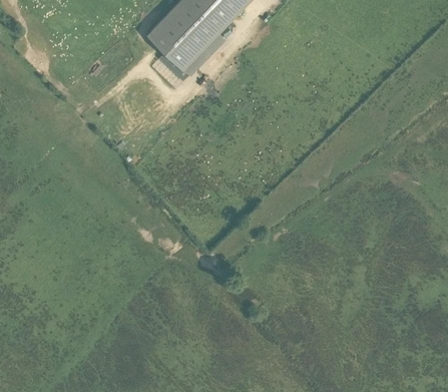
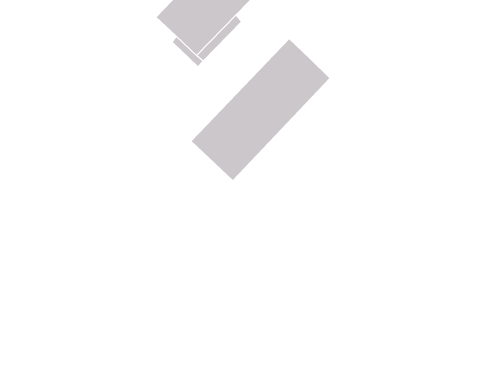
building: none -> [191,38,330,181]

